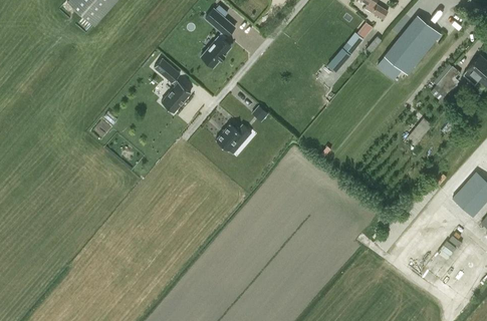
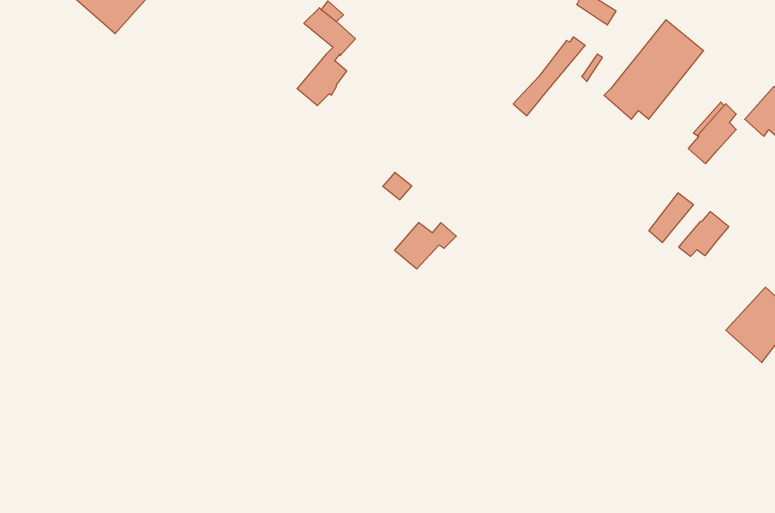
building: [154,59,190,113] -> none
building: [215,124,251,151] -> [395,223,456,269]
building: none -> [679,212,729,256]

